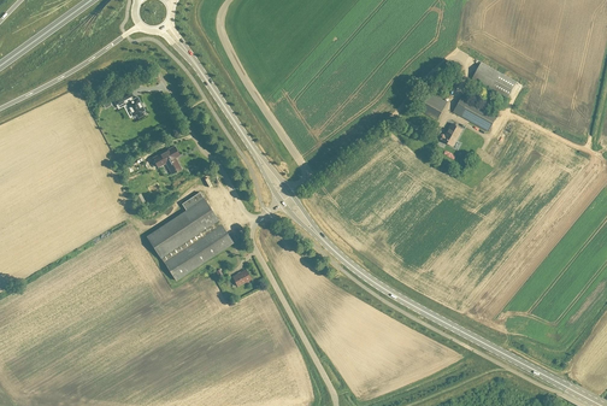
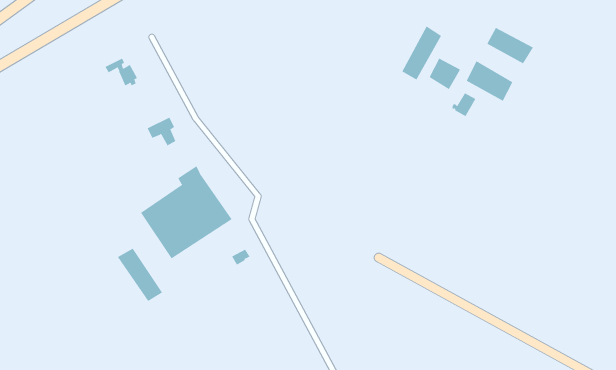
building: none -> [401,25,442,81]
building: none -> [117,248,163,302]

